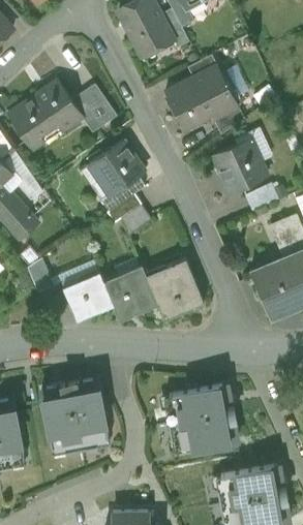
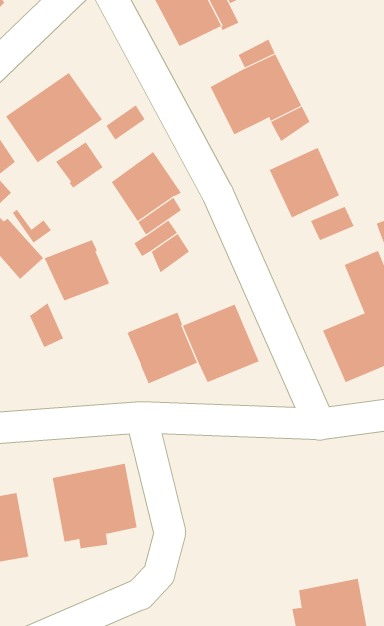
building: [71,85,109,121] -> [55,142,104,189]
building: [61,272,112,319] -> [44,240,109,301]
building: [162,390,235,456] -> none

